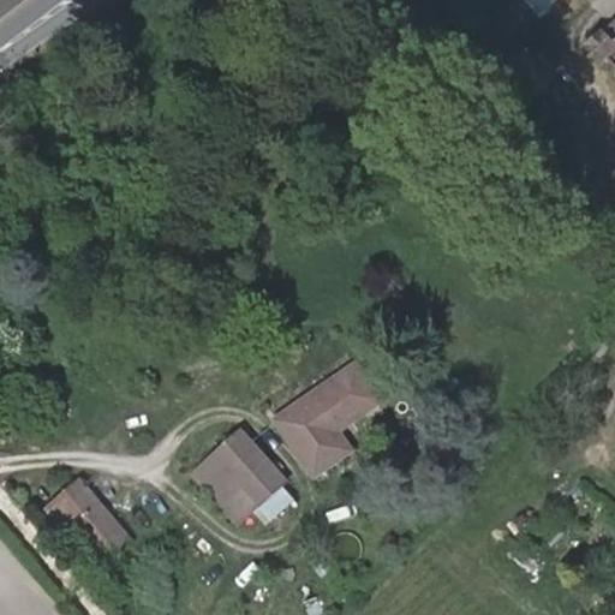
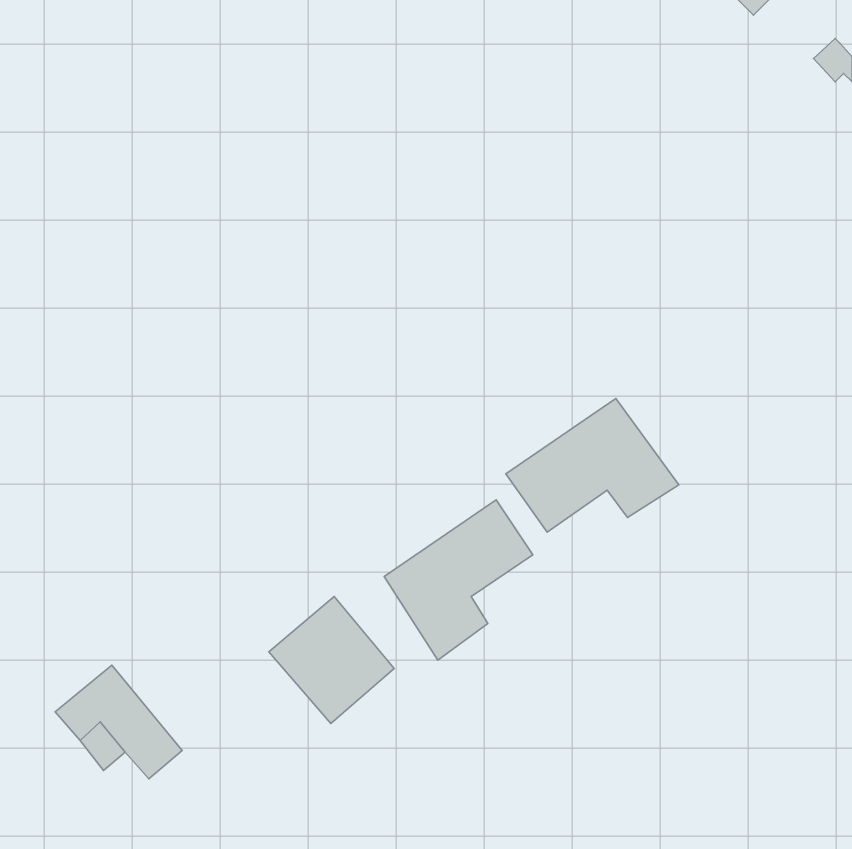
building: none -> [506,398,679,532]

